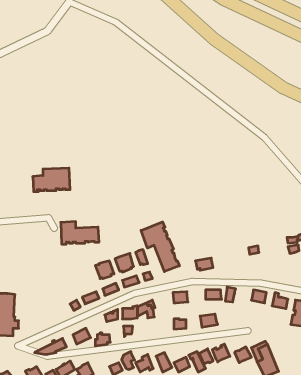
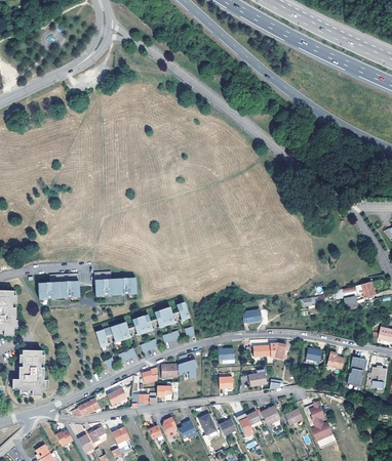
building: [33,168,70,192] -> [40,273,81,298]
building: [141,222,179,272] -> none
building: none -> [95,321,130,346]

